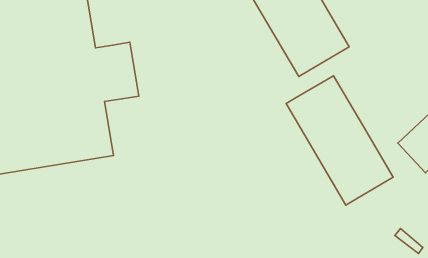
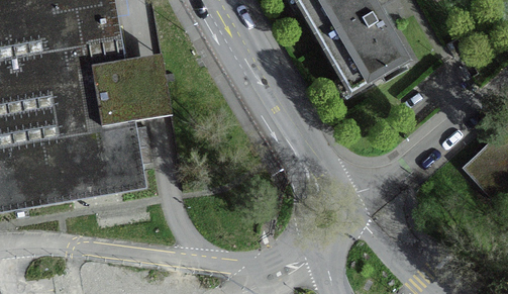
building: [286,76,393,205] -> none

